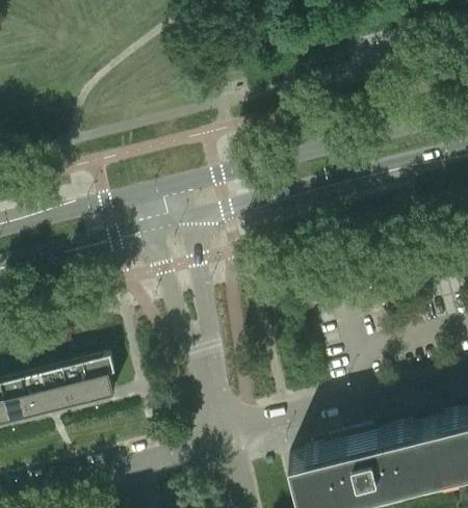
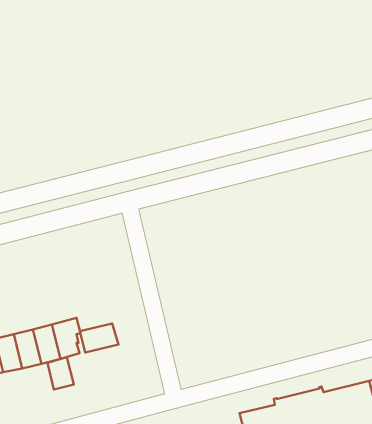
building: none -> [80,323,118,353]
building: none -> [47,357,74,389]

